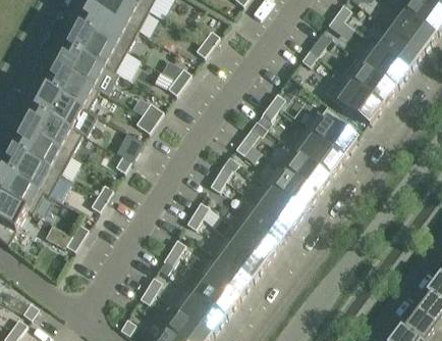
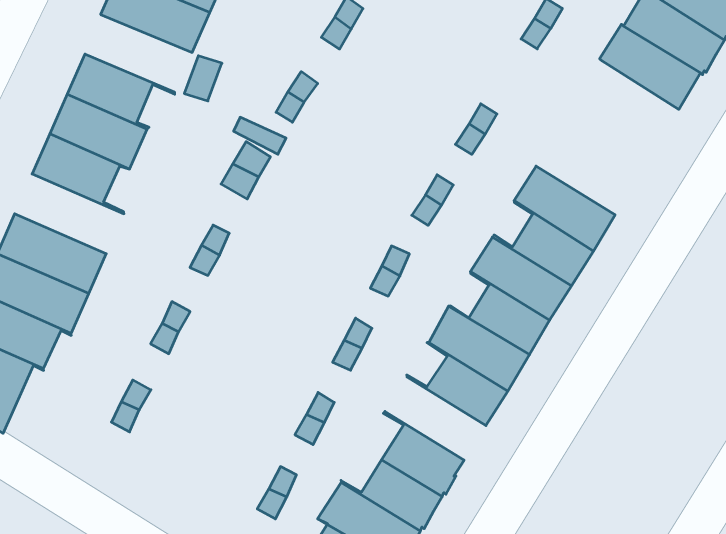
building: [68,27,125,71] -> none
building: [328,75,382,123] -> none
building: [23,108,81,154] -> none
building: [302,109,356,157] -> none
building: [211,234,264,281] -> none

